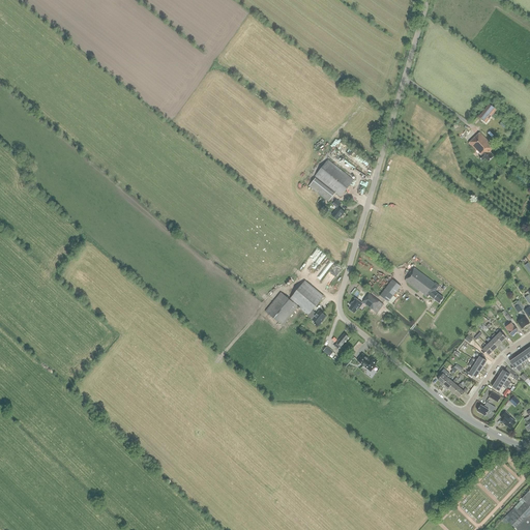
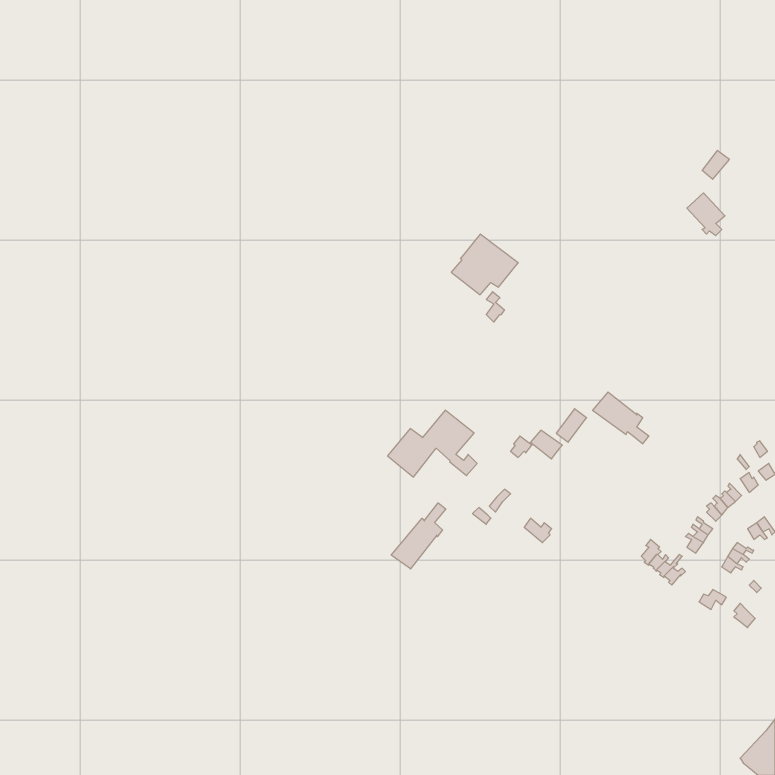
building: none -> [391,503,446,569]

